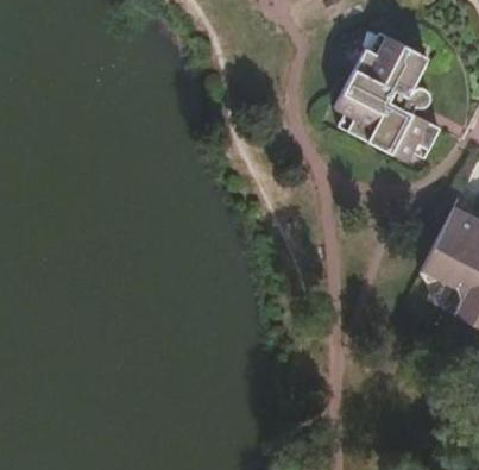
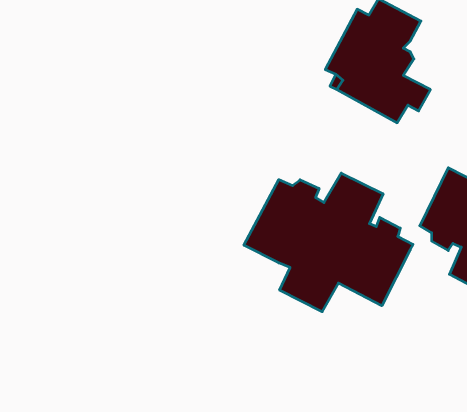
building: none -> [244,173,413,312]

